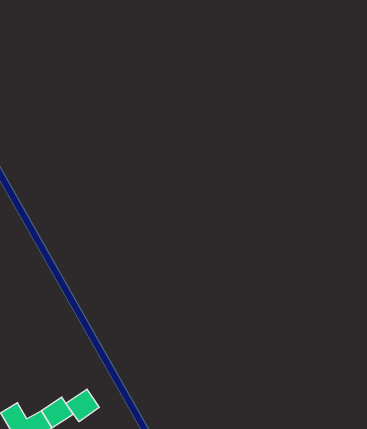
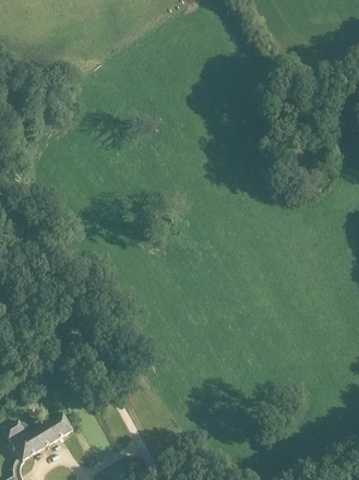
building: [66,389,99,422] -> none

